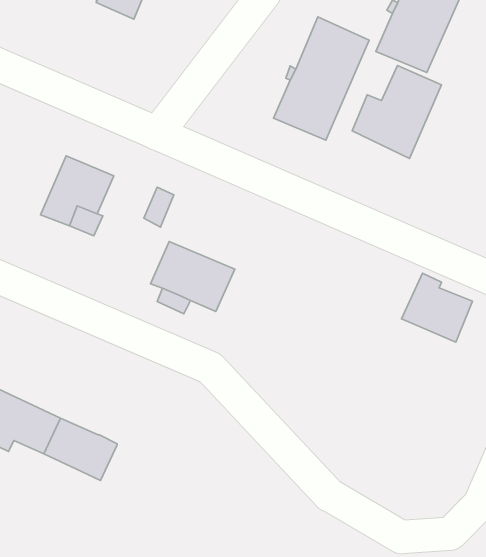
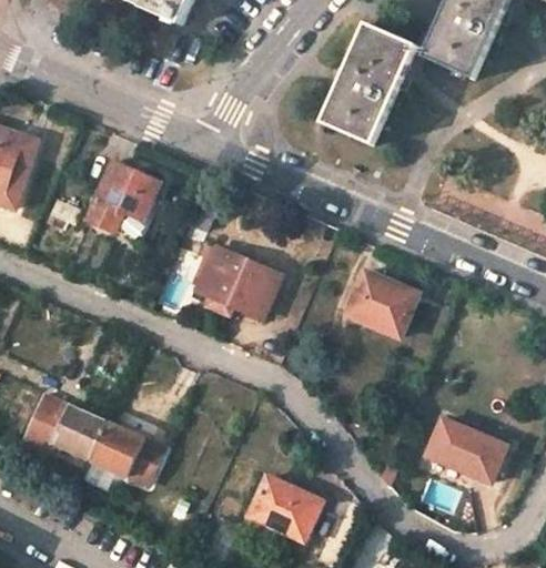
building: [352,66,442,158] -> none
building: [402,273,473,342] -> [345,268,416,337]
building: none -> [426,416,507,483]
building: none -> [249,475,321,539]

